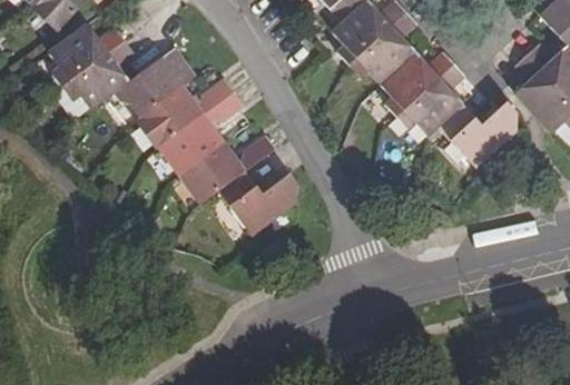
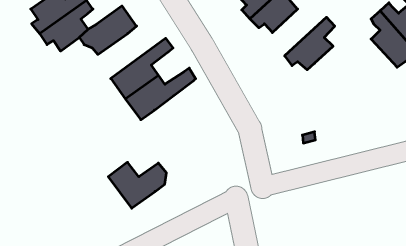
building: [381,51,455,116] -> none
building: [132,76,234,149] -> none
building: [439,101,519,167] -> none
building: [218,170,298,234] -> [108,162,166,208]

